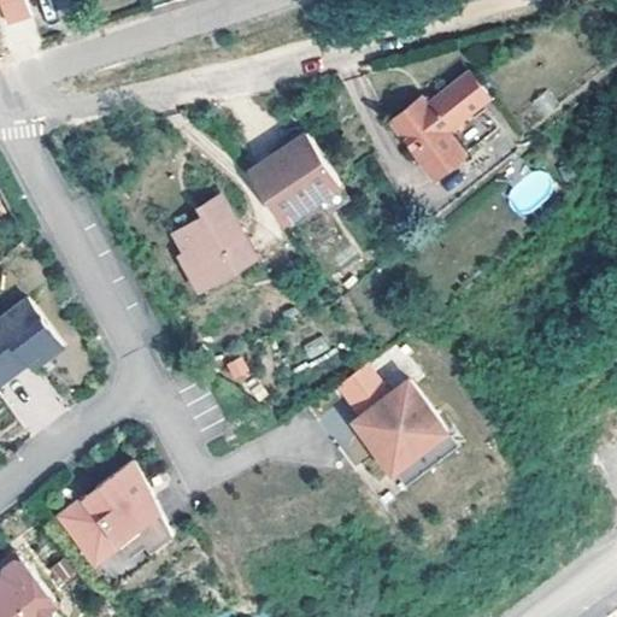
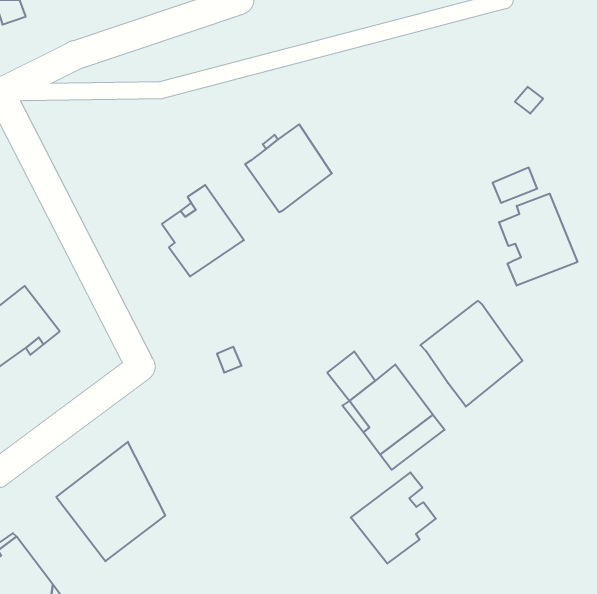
building: [390,71,486,177] -> none
building: none -> [499,194,577,286]
building: none -> [420,301,522,407]
building: none -> [351,472,436,564]

